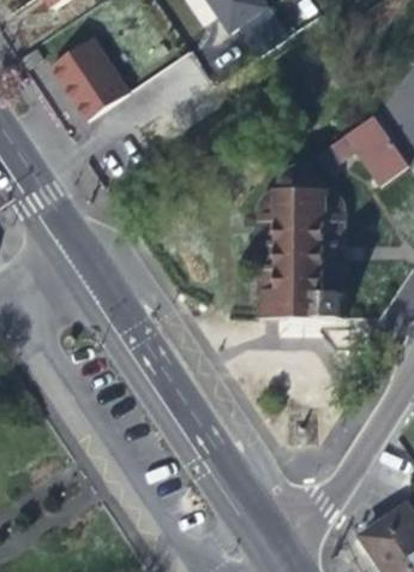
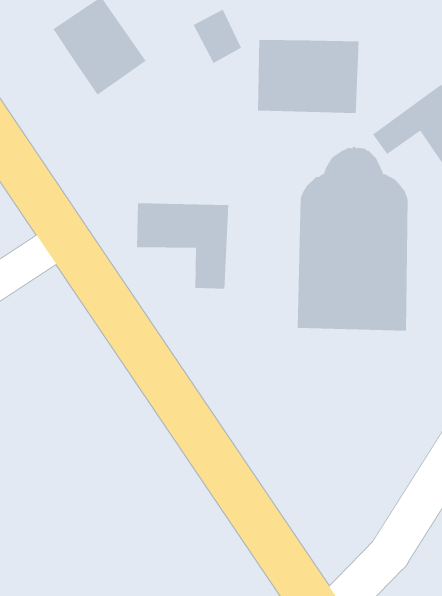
building: none -> [257,39,359,114]
building: none -> [137,203,229,290]

